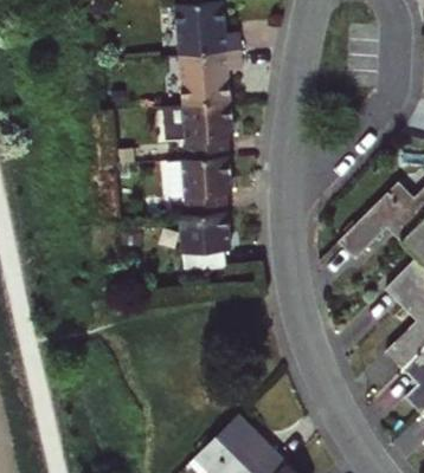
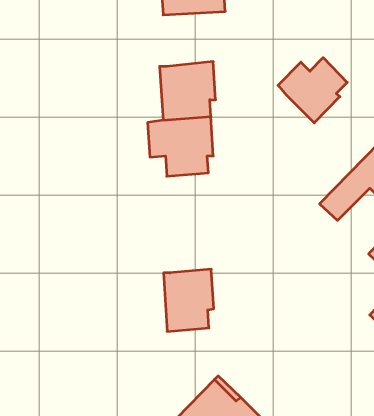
building: [181,50,244,104] -> none
building: none -> [278,58,347,123]
building: [179,209,229,271] -> [164,269,214,331]

